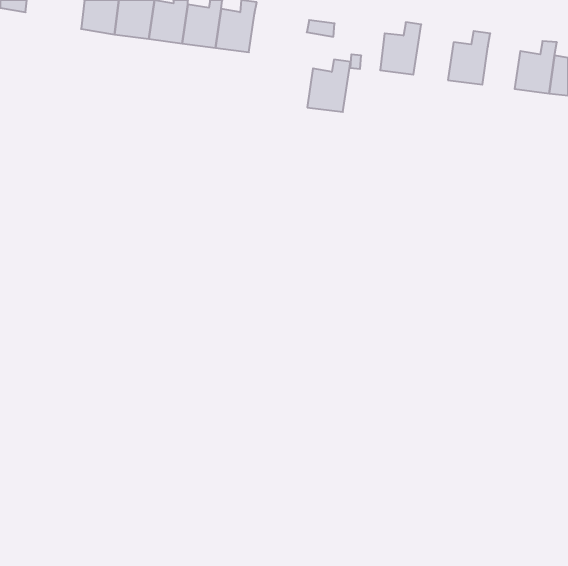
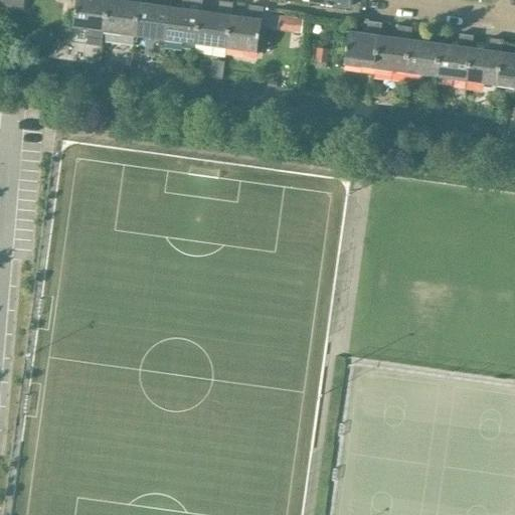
building: none -> [374,26,412,74]
building: none -> [437,34,473,82]
building: [307,60,351,112] -> [225,6,265,53]

